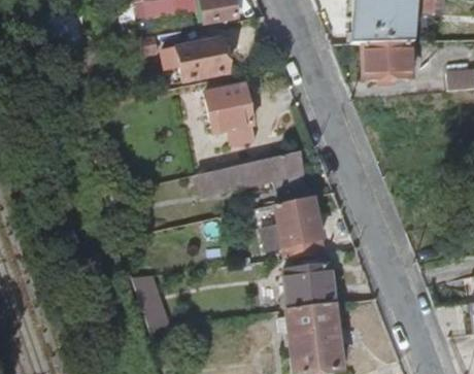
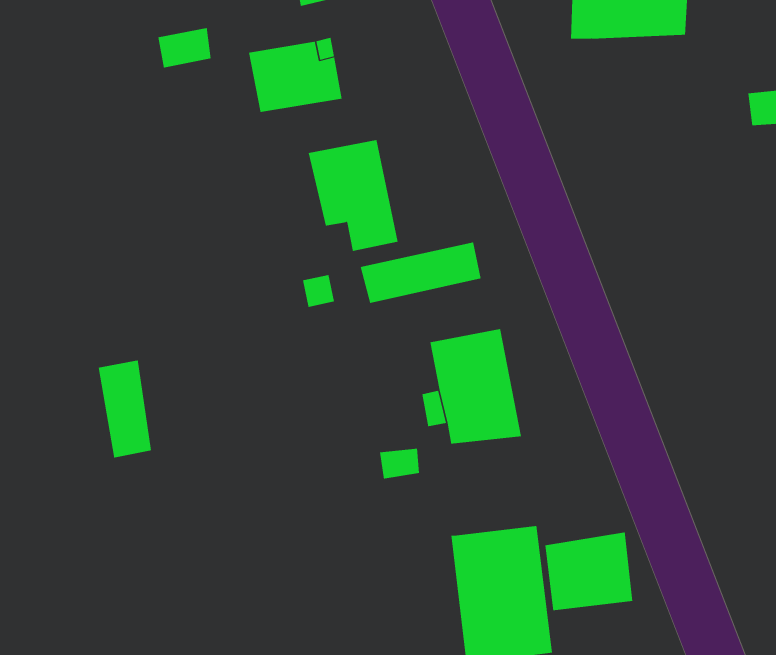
building: [363,40,411,76] -> none
building: [286,265,334,307] -> [545,532,633,611]
building: [138,269,167,321] -> [98,360,152,458]

